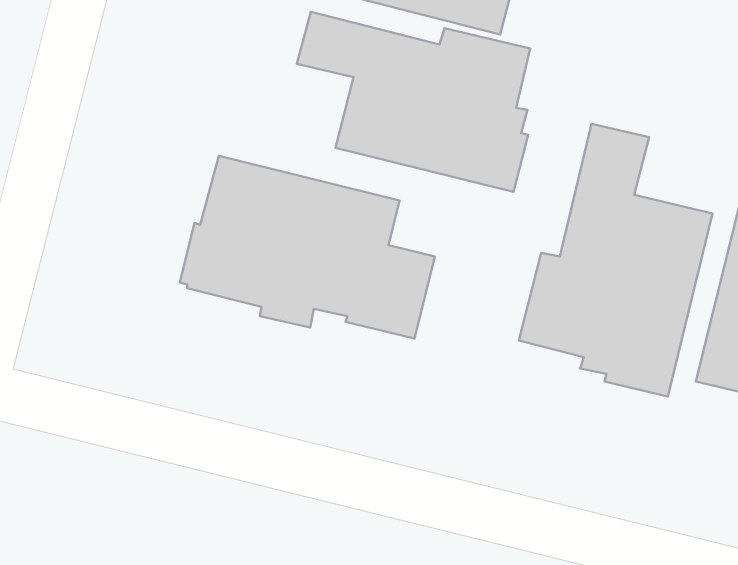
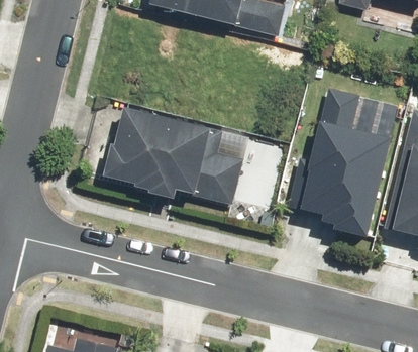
building: [297,12,530,192] -> none

